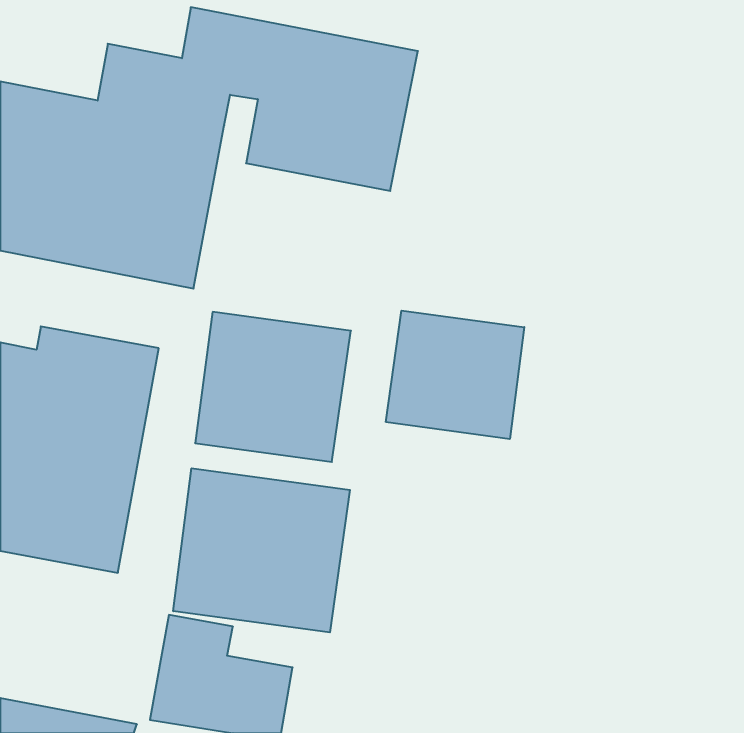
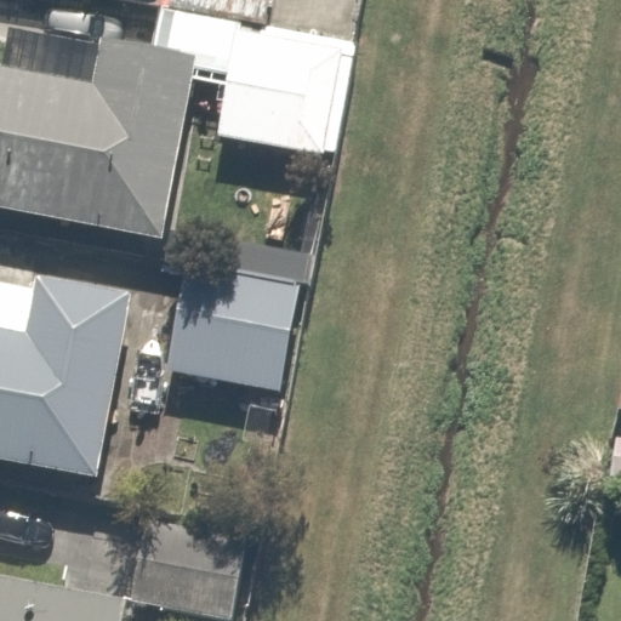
building: [386,311,524,439] -> none
building: [173,468,350,632] -> none

